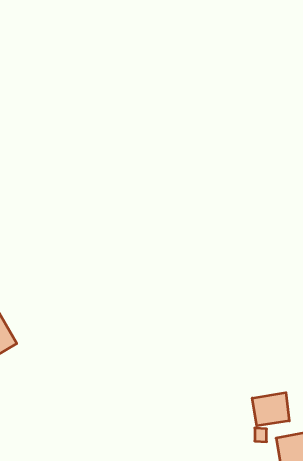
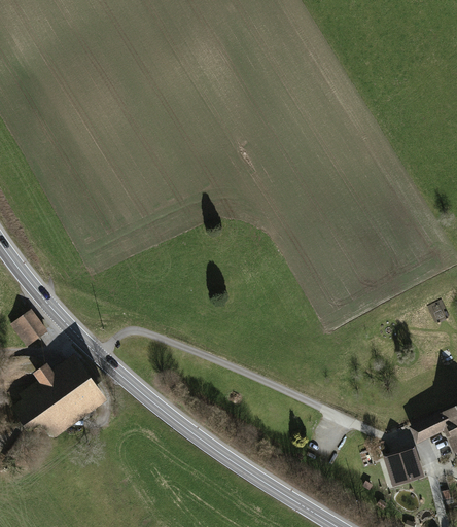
building: [252,393,289,426] -> none

